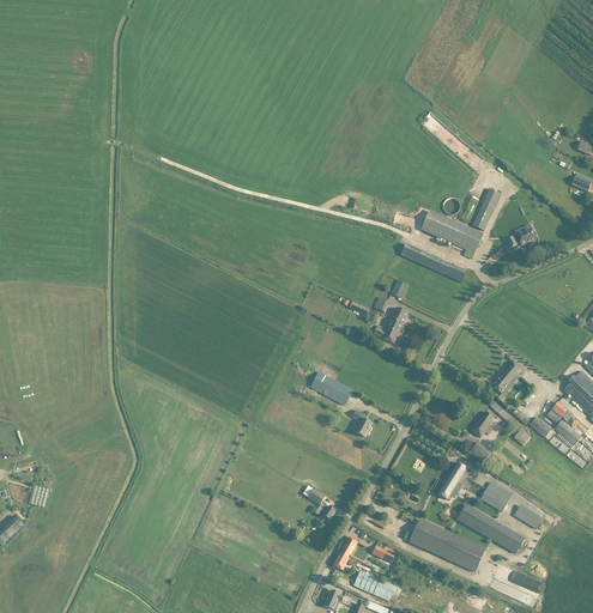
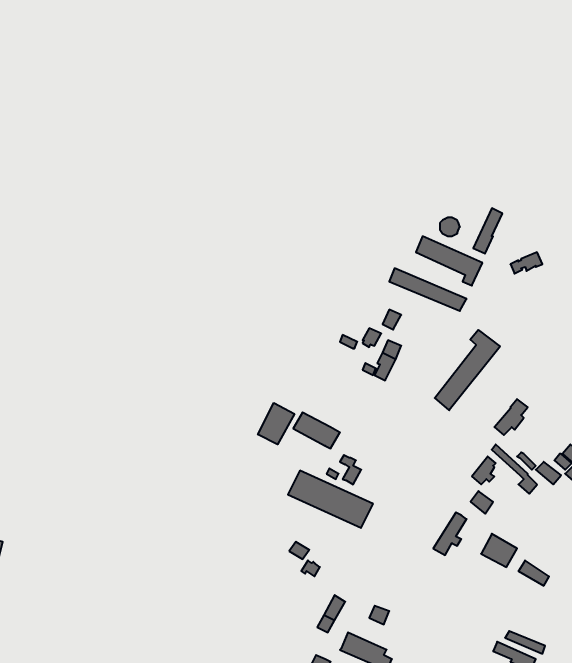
building: none -> [435,330,500,410]
building: none -> [258,403,294,444]
building: [462,506,524,552] -> none
building: [409,518,485,570] -> [288,471,373,528]

